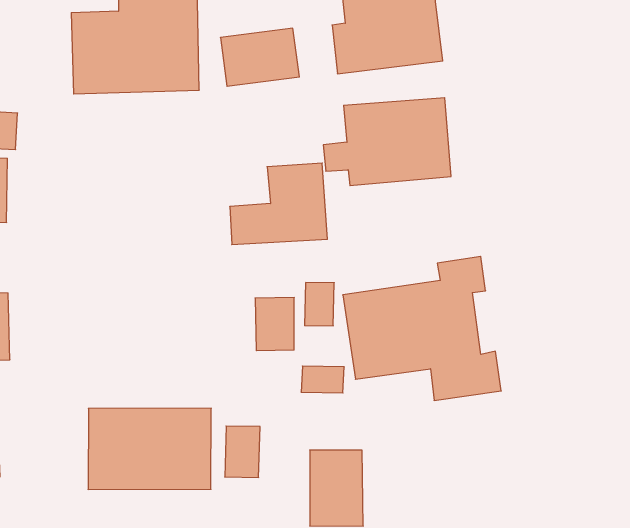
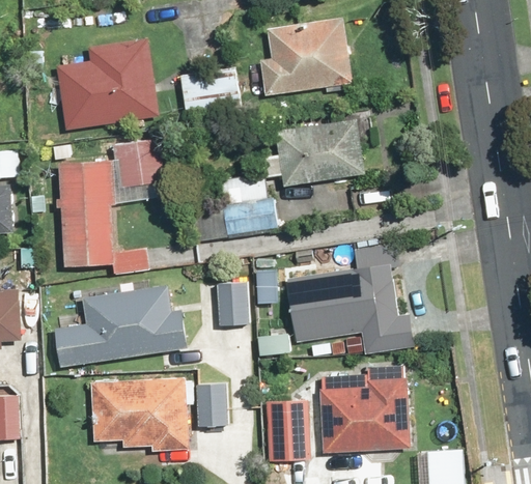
building: none -> [62,141,164,273]
building: none -> [55,288,188,364]
building: none -> [322,372,410,455]

